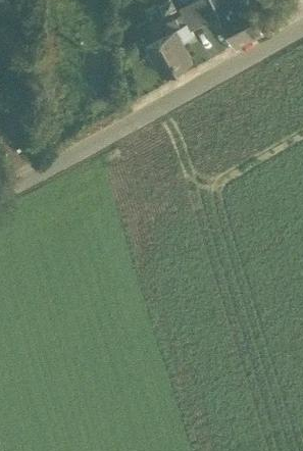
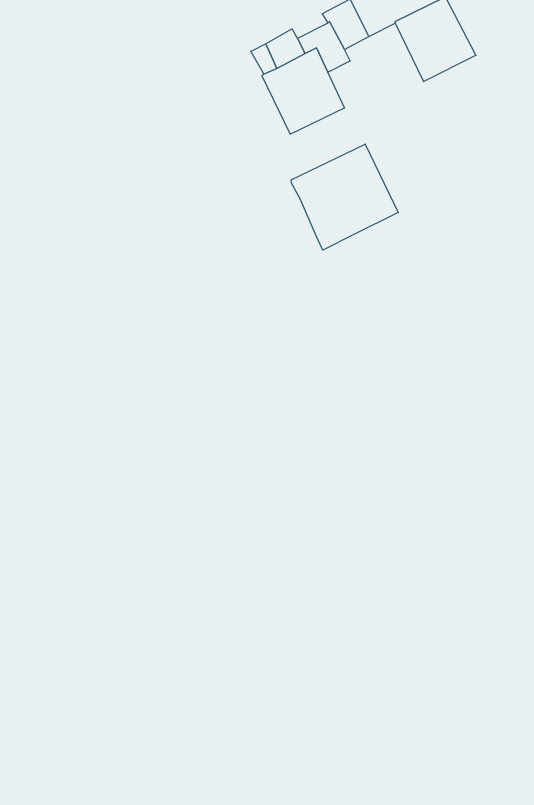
building: none -> [291,144,398,250]

